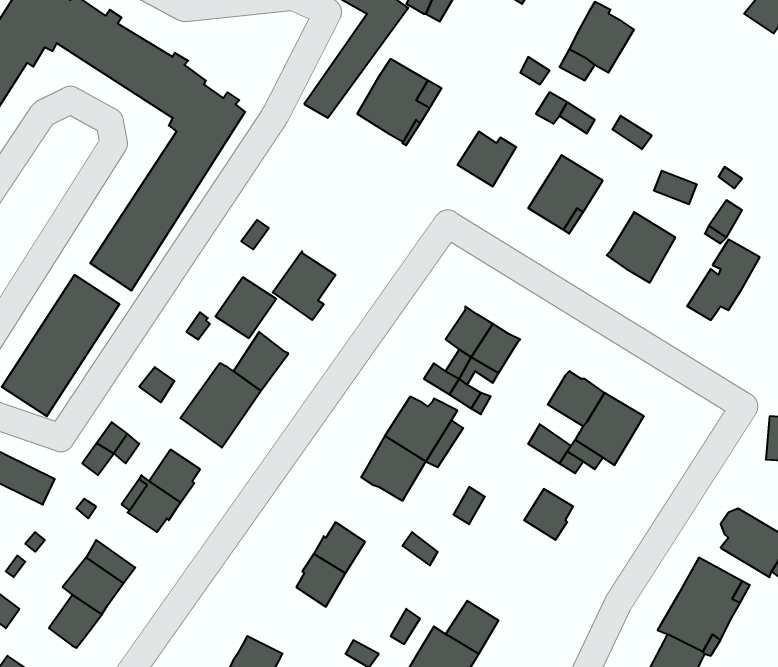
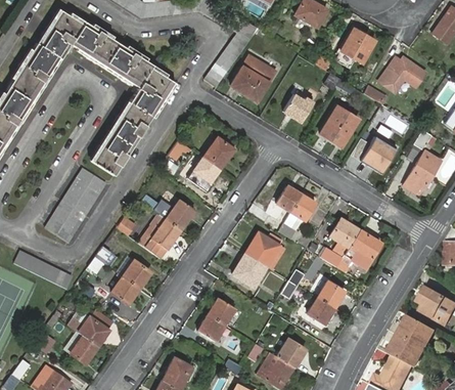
building: none -> [379,55,426,91]
building: [215,277,276,338] -> [202,136,234,168]
building: none -> [308,296,334,322]

